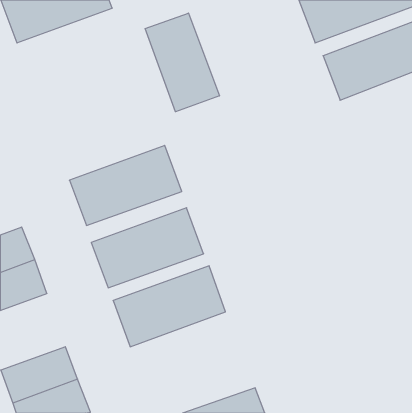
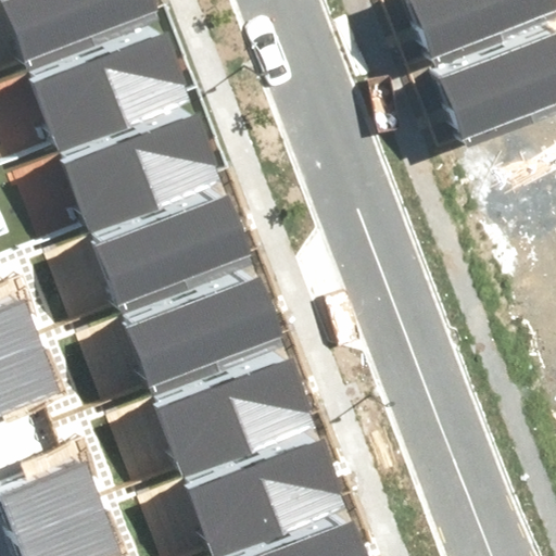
building: [145,13,219,112] -> none
building: none -> [37,41,188,149]
building: none -> [64,123,215,231]
building: none -> [188,443,339,551]

